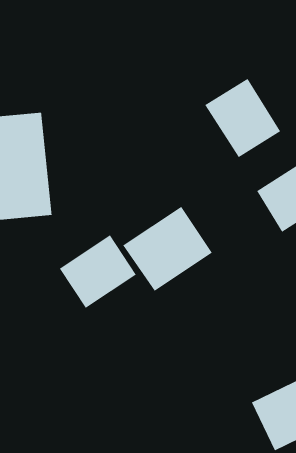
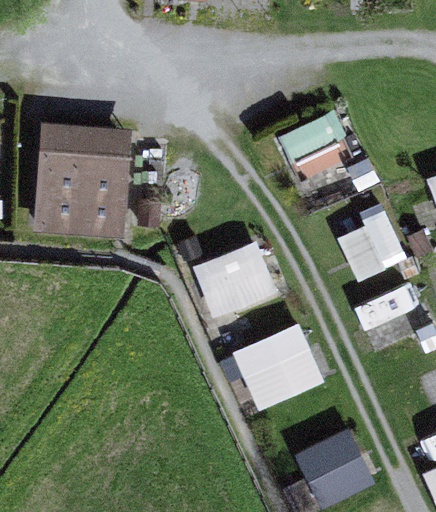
building: [59,234,137,309] -> none
building: none -> [233,324,326,413]

